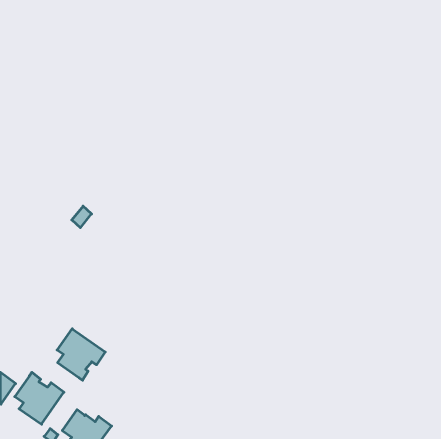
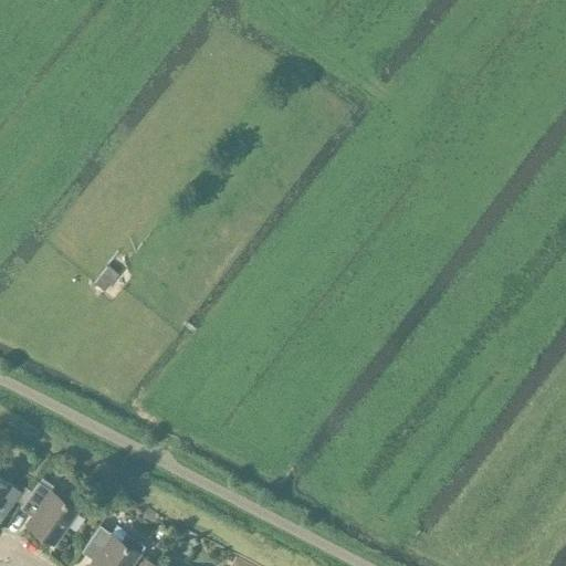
building: [57,329,105,380] -> none

